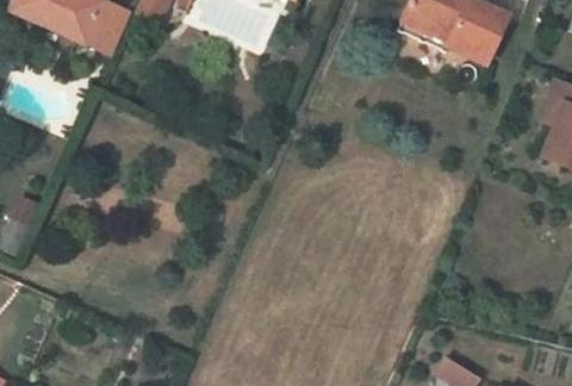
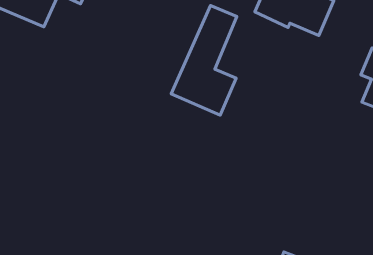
building: none -> [171,5,237,115]

